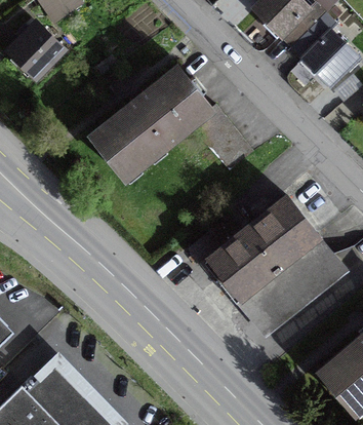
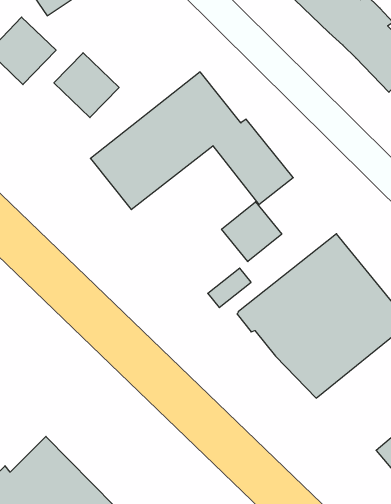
building: none -> [54,53,119,118]
building: none -> [222,202,282,262]

